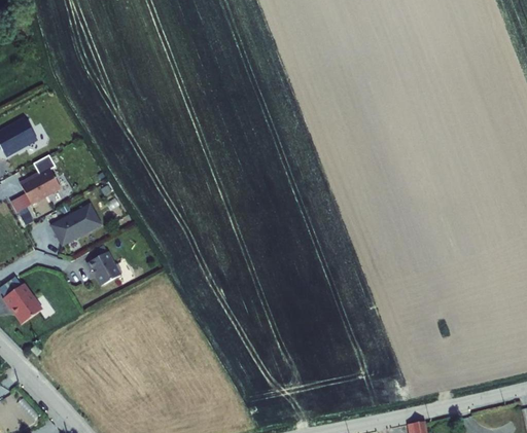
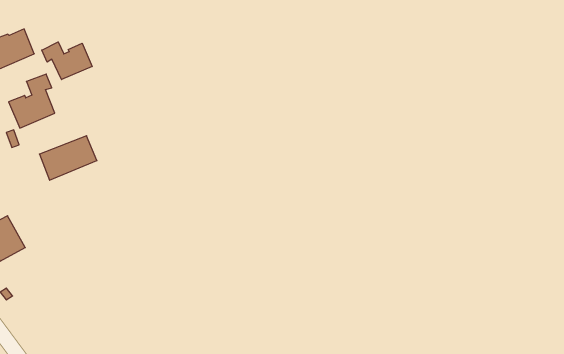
building: none -> [42,42,92,80]
building: [87,252,120,286] -> none

